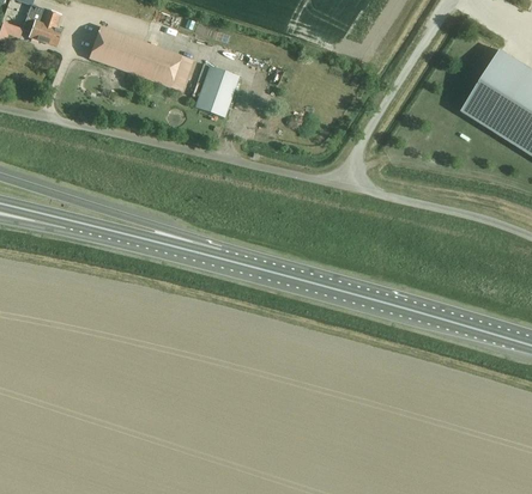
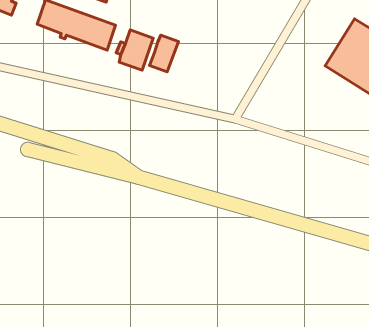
building: none -> [150,35,178,72]

